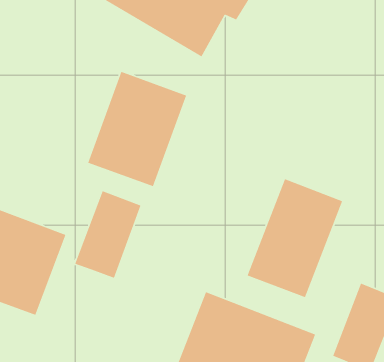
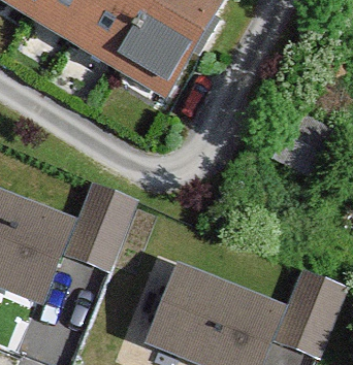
building: [87,71,187,187] -> none
building: [247,178,343,298] -> none

